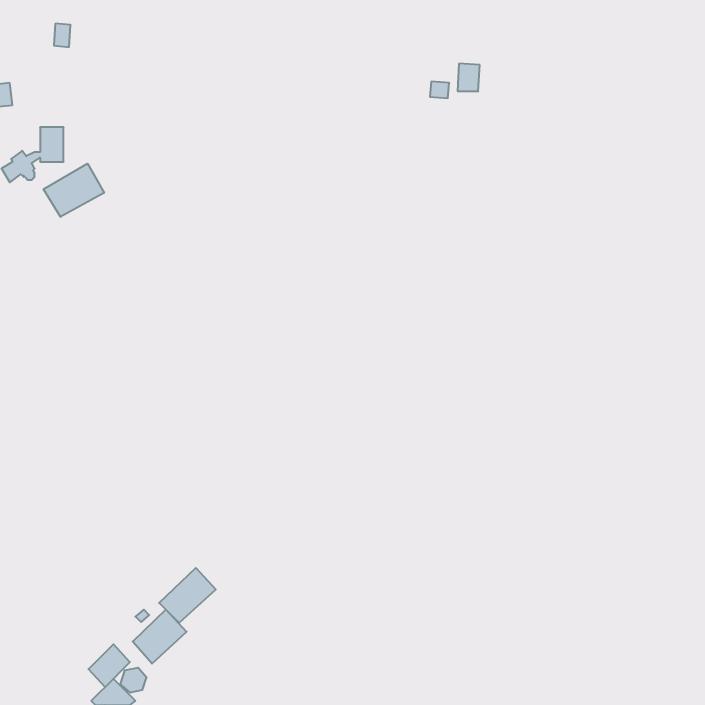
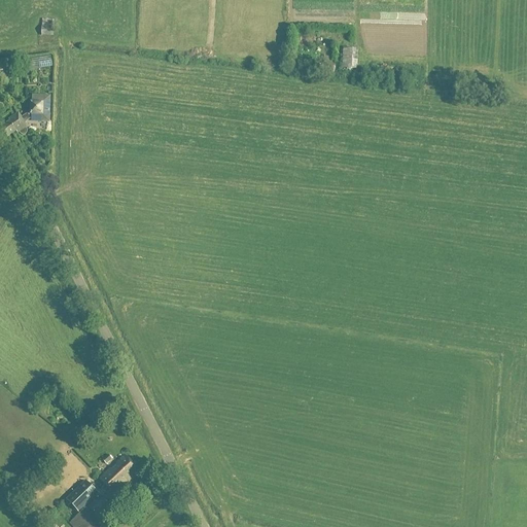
building: [44,164,104,217] -> none
building: [159,568,216,623] -> none

